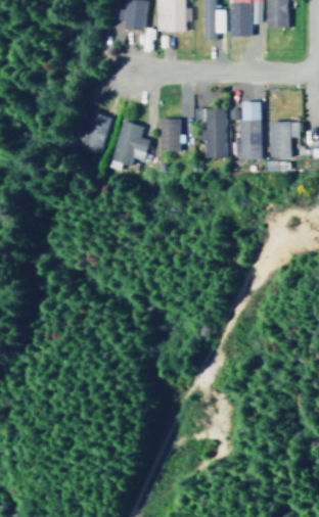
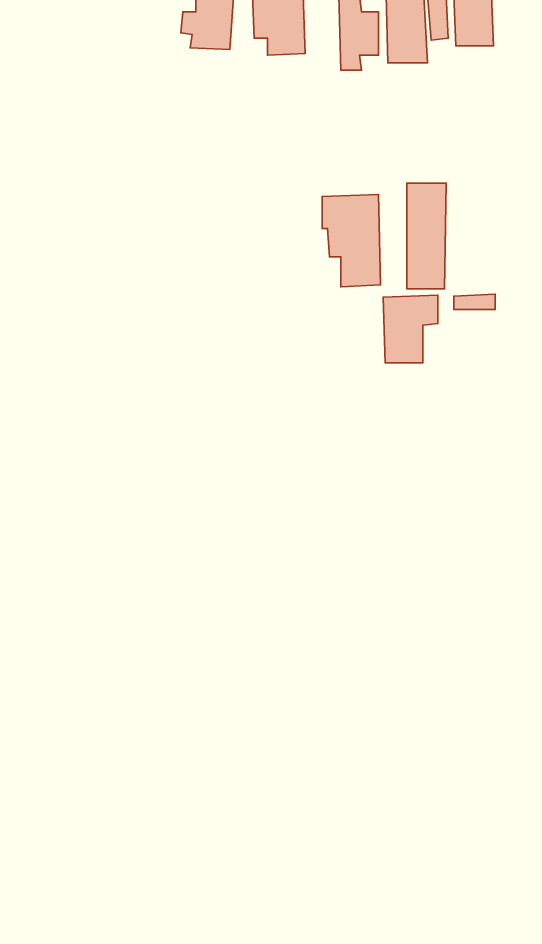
building: [80,111,110,155] -> none
building: [160,119,180,150] -> none
building: [111,120,150,166] -> none
building: [270,121,300,157] -> [383,295,438,363]

